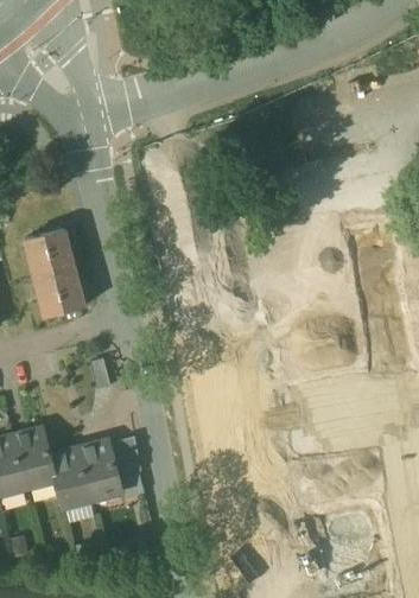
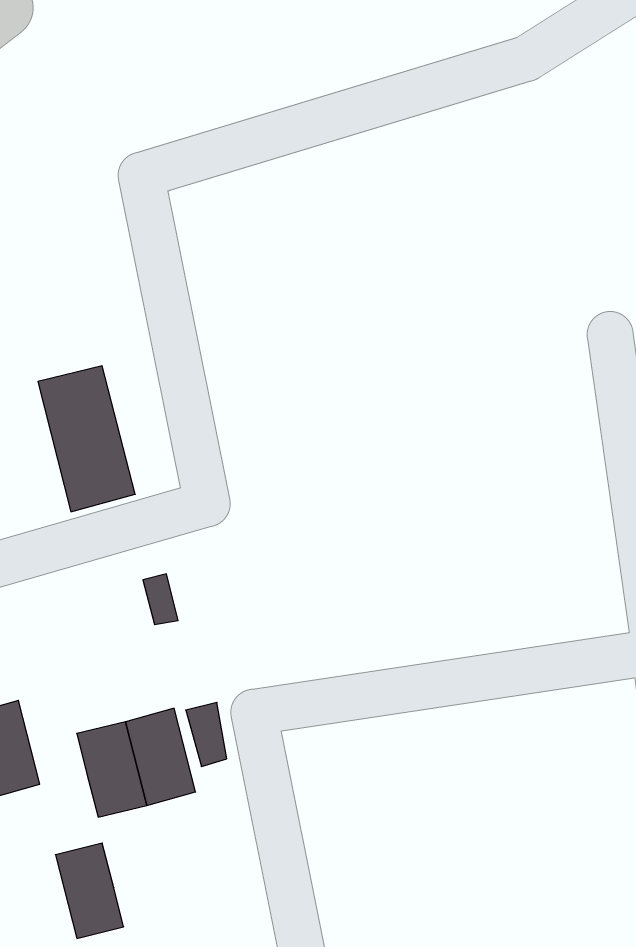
building: [14,428,56,486] -> [55,843,124,938]

